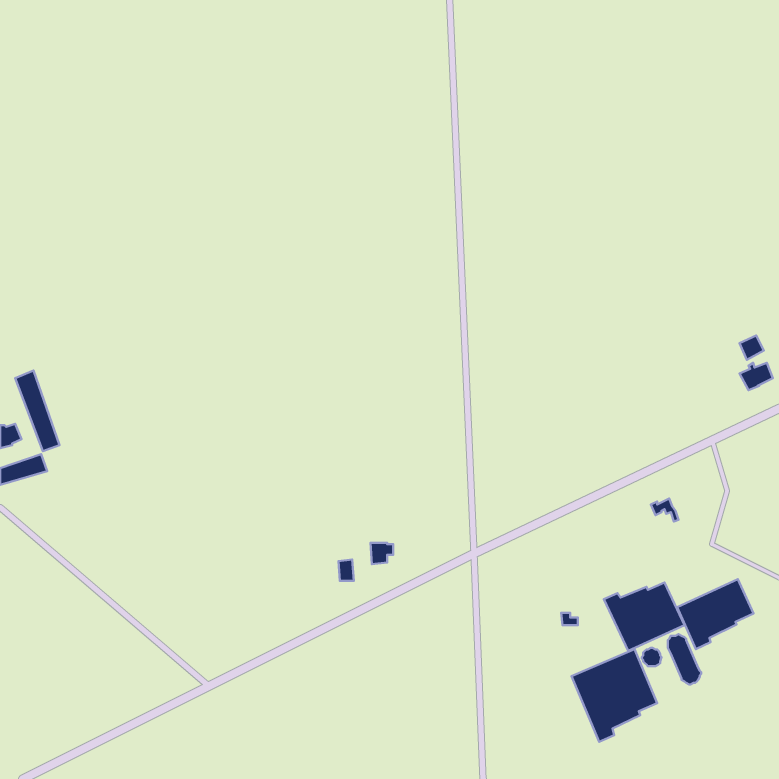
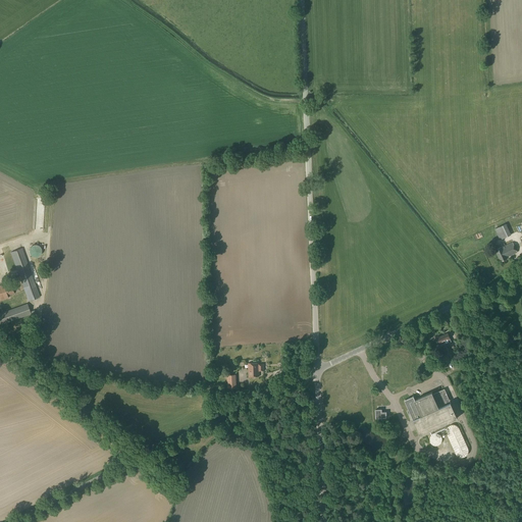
building: [677,579,754,649] -> none
building: [572,649,657,742] -> none

